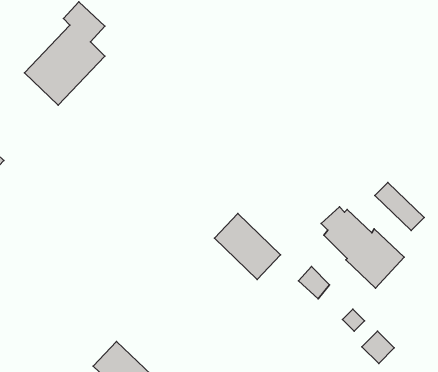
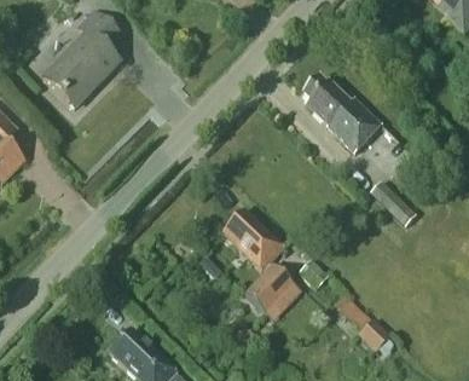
building: [321,207,404,288] -> [305,76,382,152]
building: none -> [243,262,293,311]

